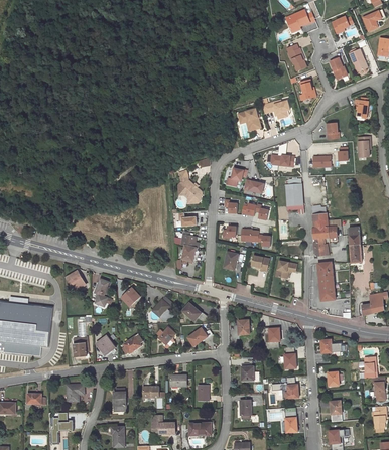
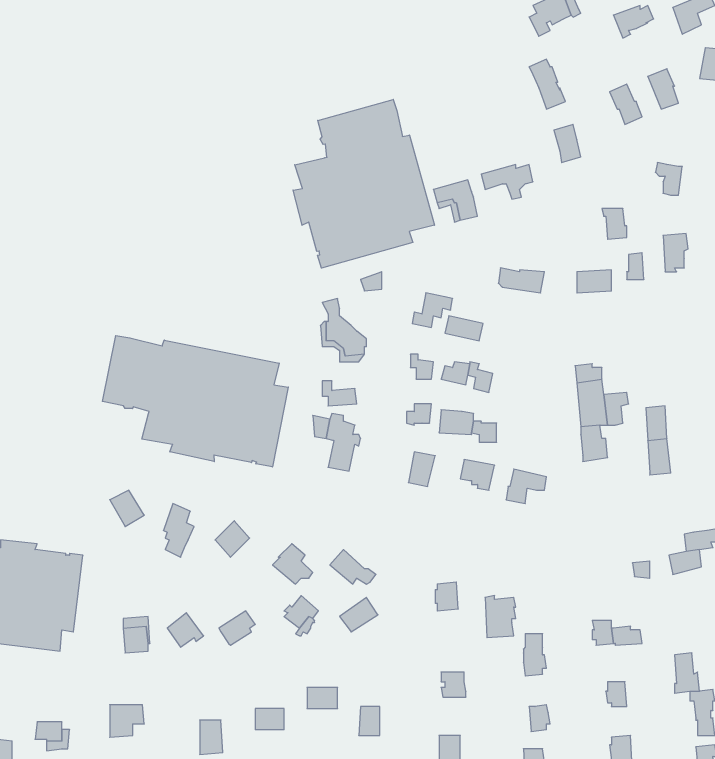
building: none -> [293,99,434,268]
building: [285,183,303,209] -> none
building: none -> [102,336,288,467]
building: [317,262,336,301] -> none

